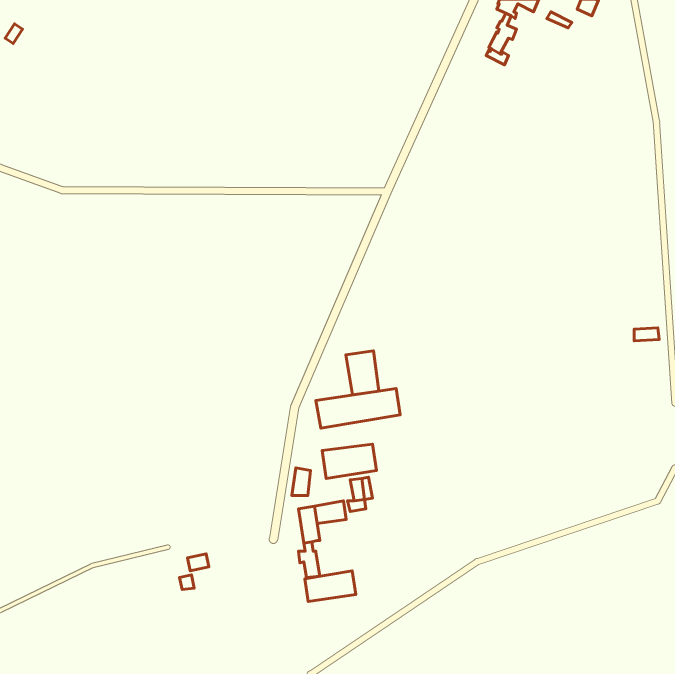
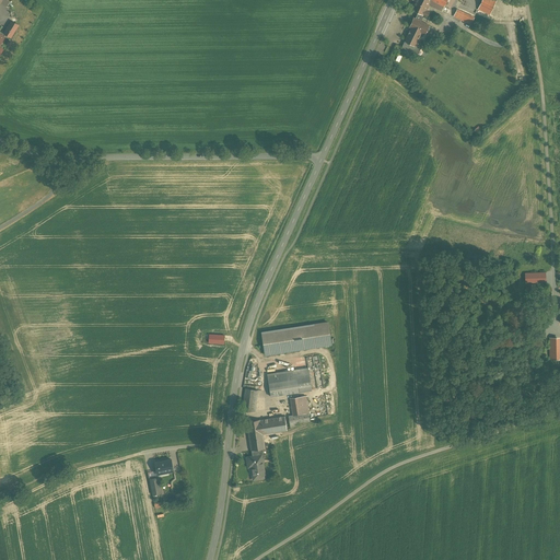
building: [346,351,379,395] -> none
building: [305,571,356,601] -> none

